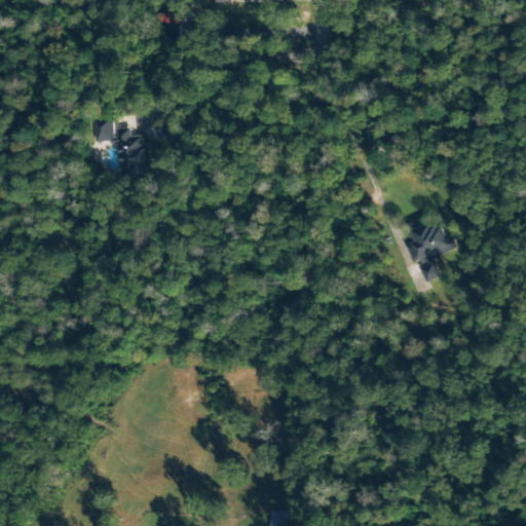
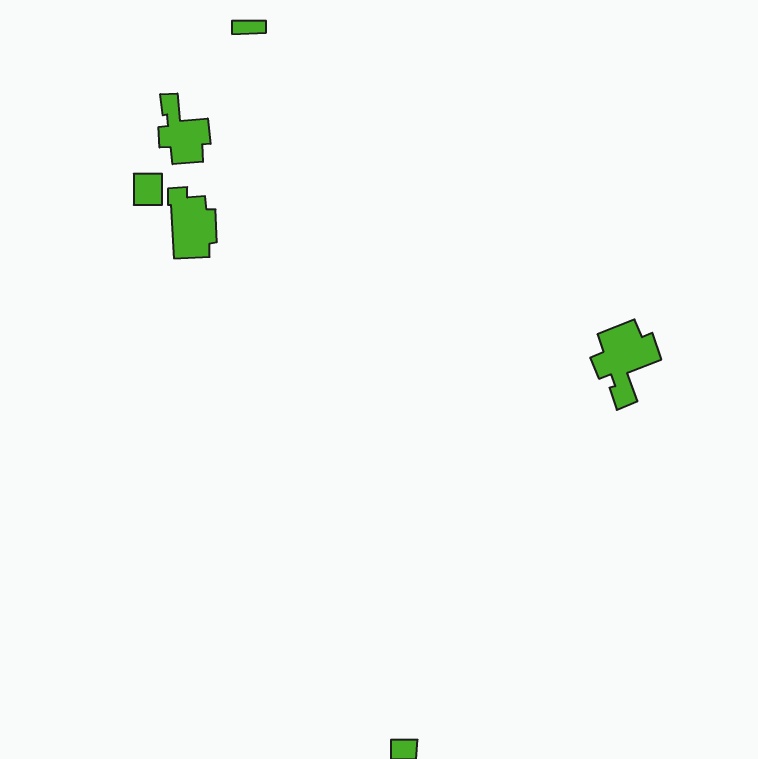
building: none -> [159,93,211,164]

